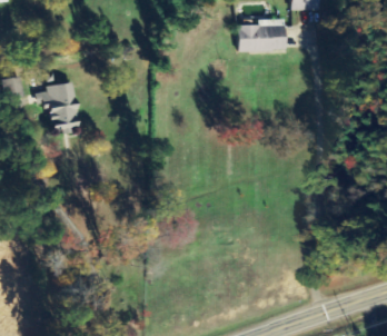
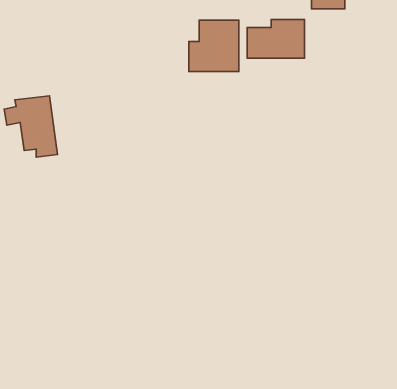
building: none -> [189,20,239,71]

